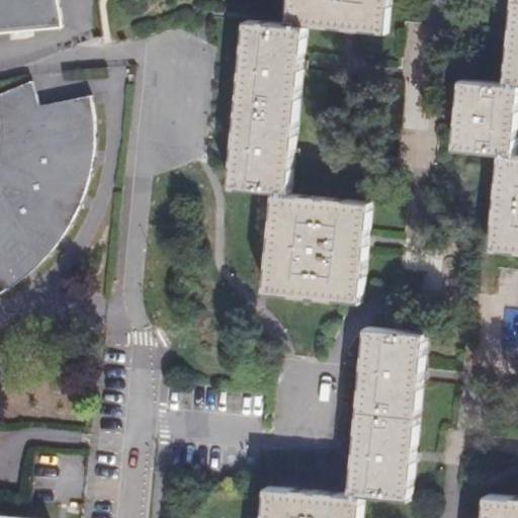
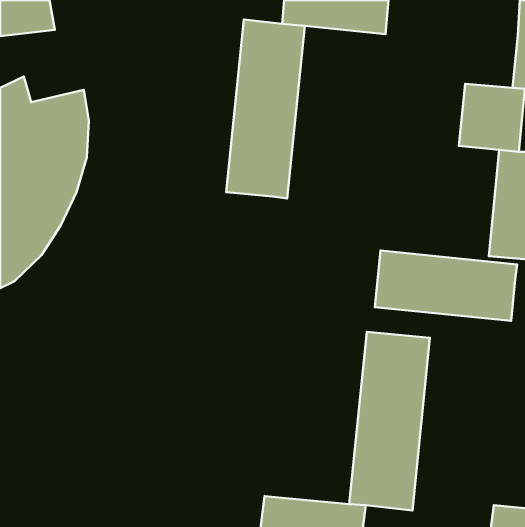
building: [260,193,371,304] -> none
building: none -> [375,251,517,321]

